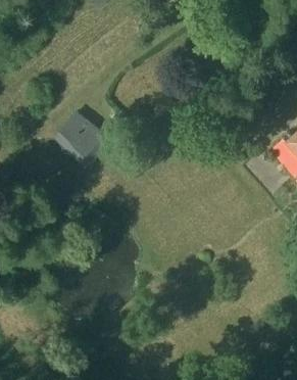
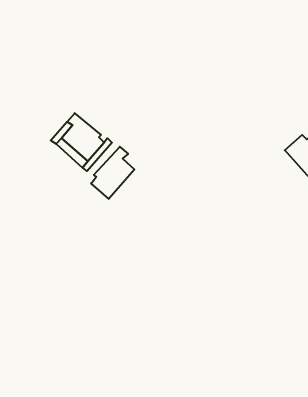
building: none -> [91,147,134,199]

